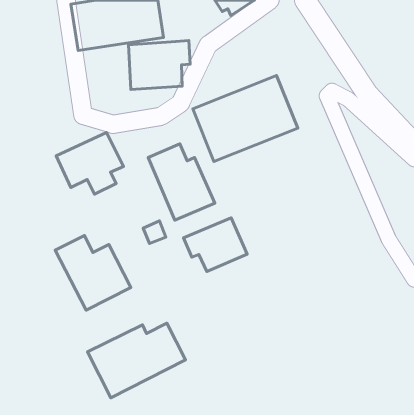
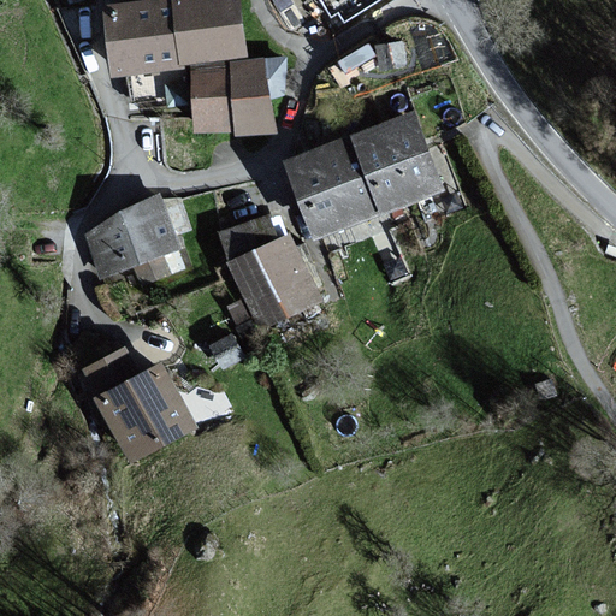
building: [184,218,247,271] -> none
building: [87,323,185,398] -> none

